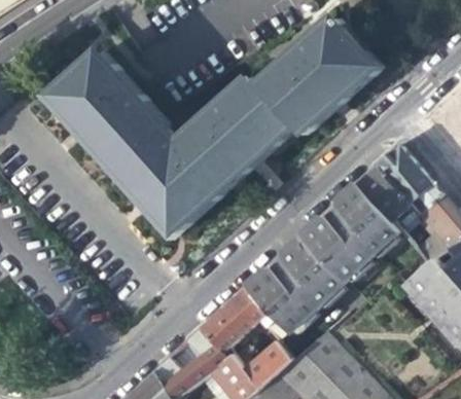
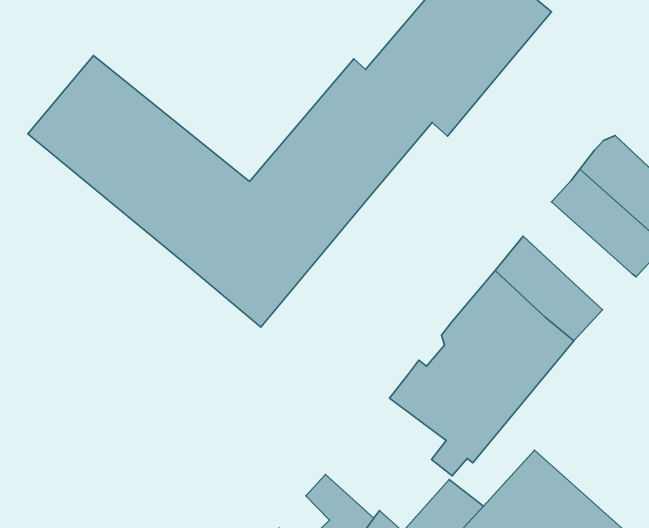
building: [338,181,400,250] -> none
building: [201,287,276,358] -> none

